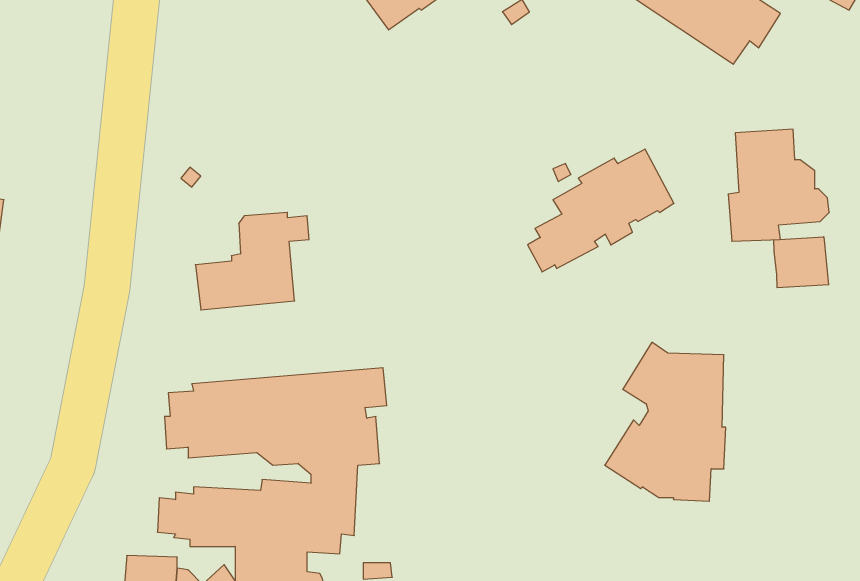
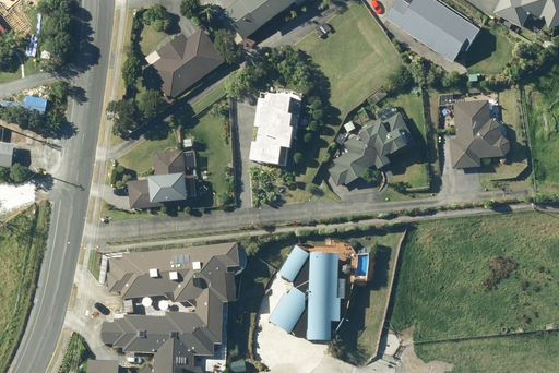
building: none -> [147,27,226,98]
building: none -> [252,89,302,165]
building: [774,237,829,288] -> none
building: [605,342,726,501] -> [267,244,341,340]

